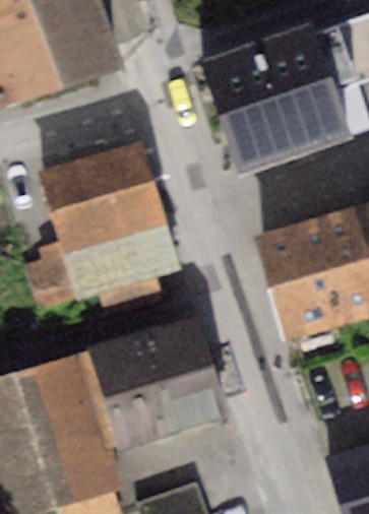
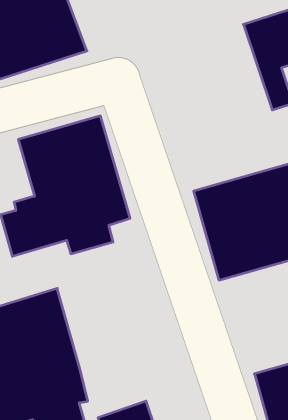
building: [203,24,349,172] -> none
building: [90,319,229,448] -> none

